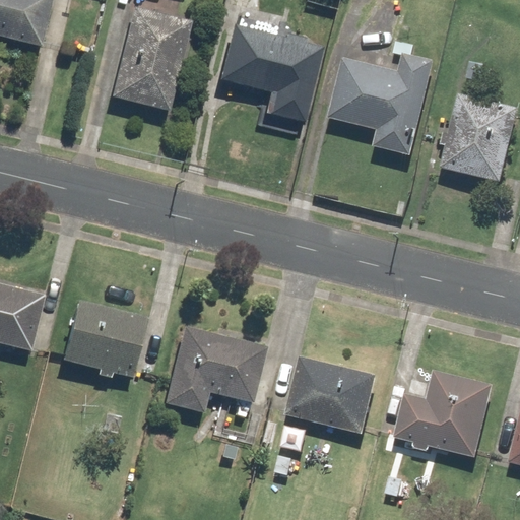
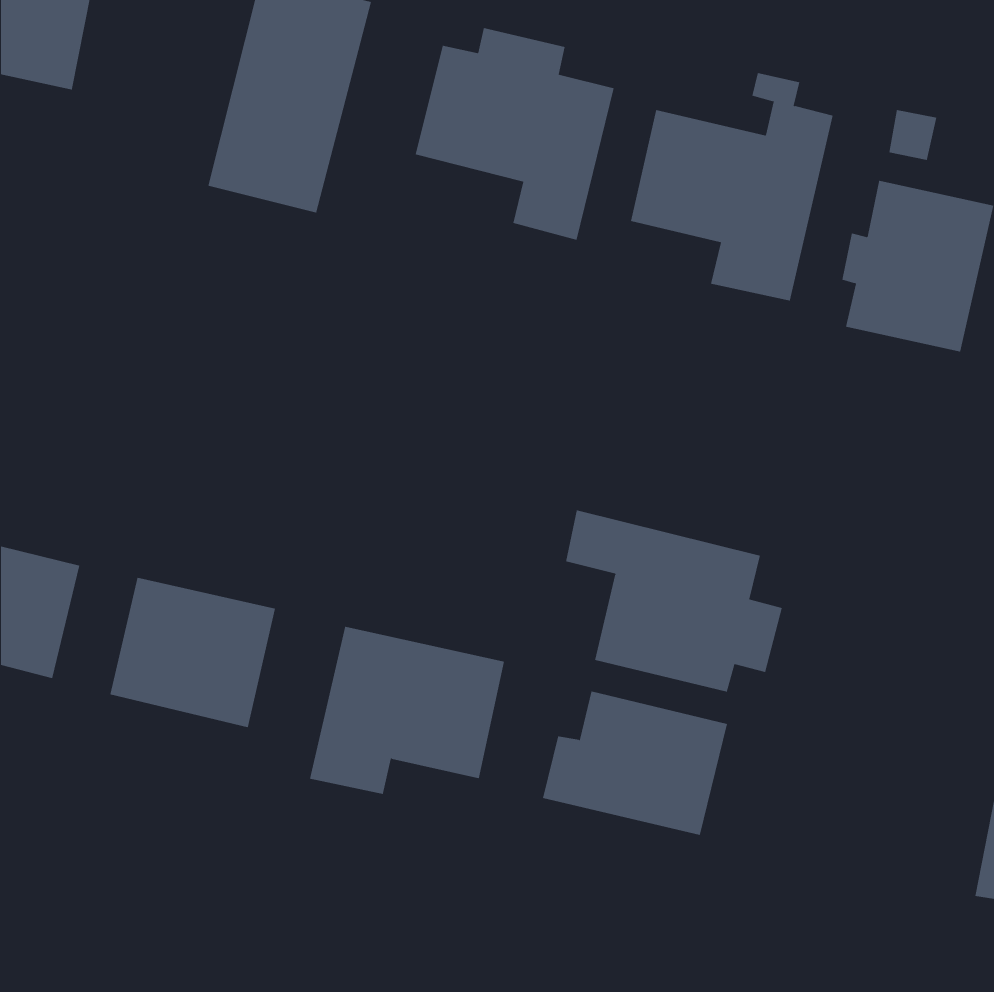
building: none -> [565,510,783,693]
building: [385,370,494,457] -> none

